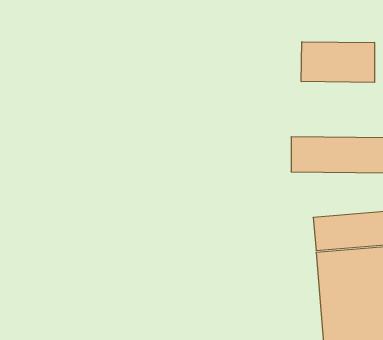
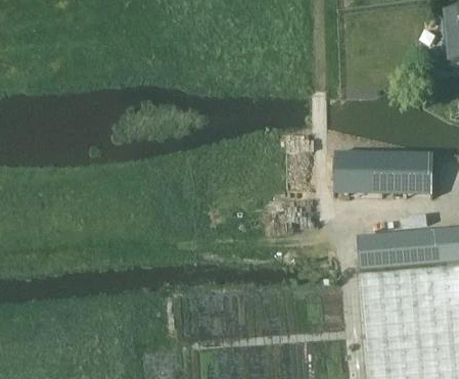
building: [301,42,375,82] -> none

